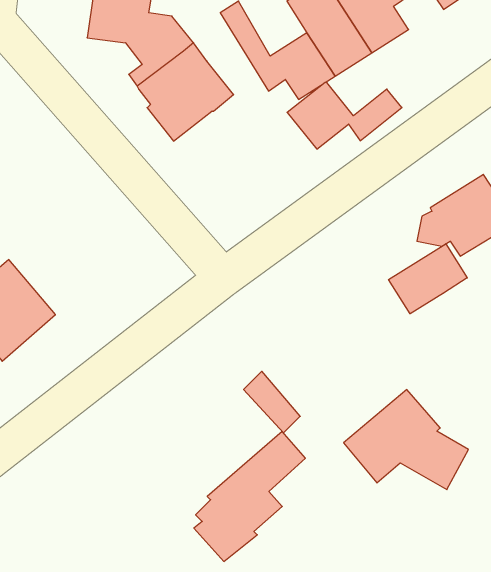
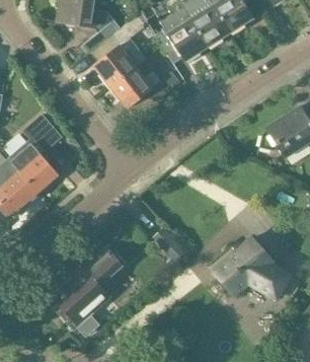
building: [287,82,402,149] -> [110,68,180,108]
building: none -> [10,116,61,192]
building: [389,244,467,314] -> none
building: [194,431,305,561] -> [56,249,124,329]

